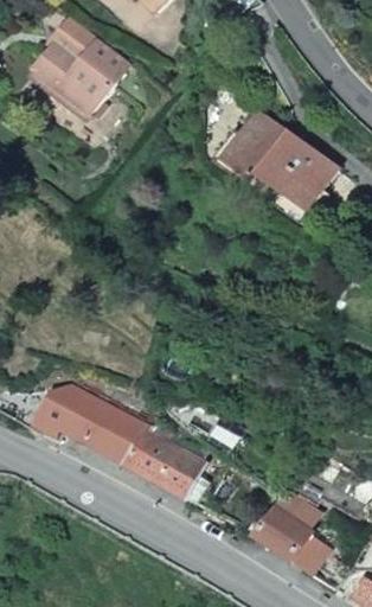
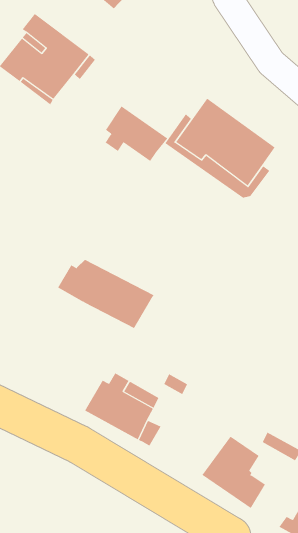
building: none -> [105,105,168,162]
building: [37,384,146,462] -> [57,259,154,329]

